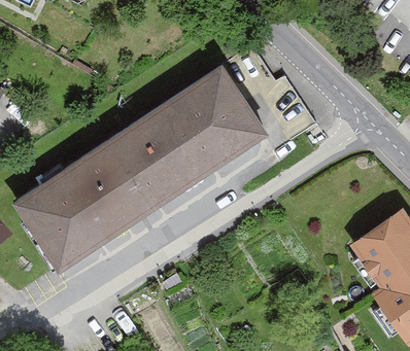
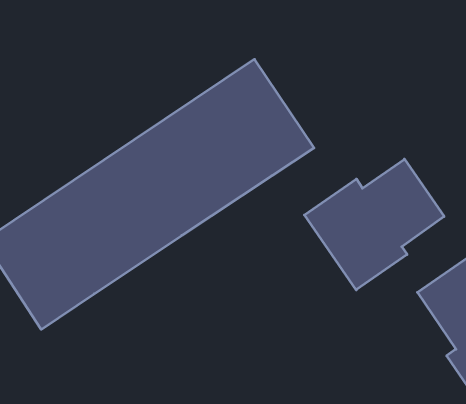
building: none -> [304,159,444,290]

